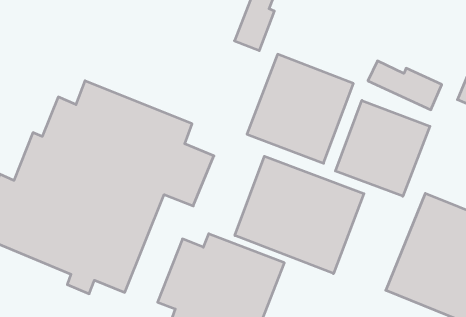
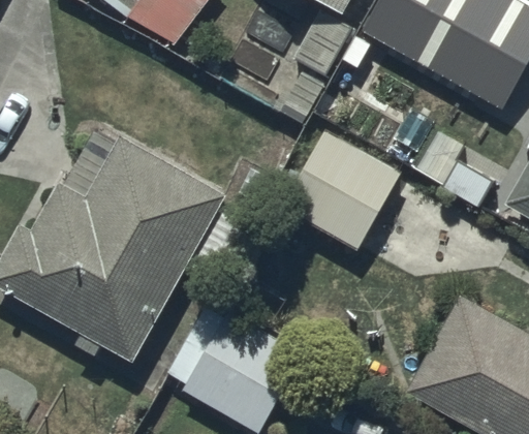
building: [335,100,430,196] -> none
building: [235,156,364,274] -> none

